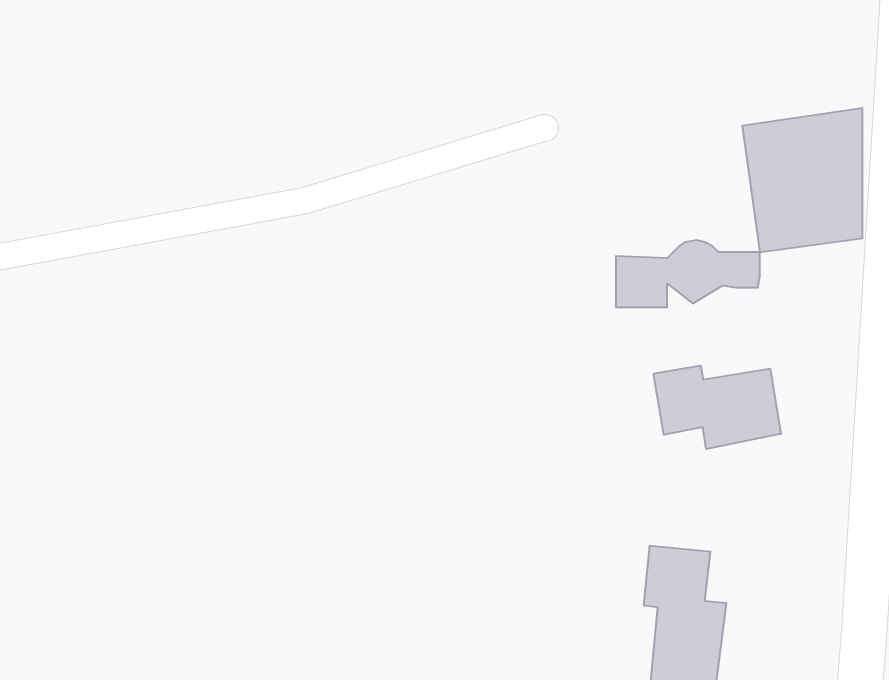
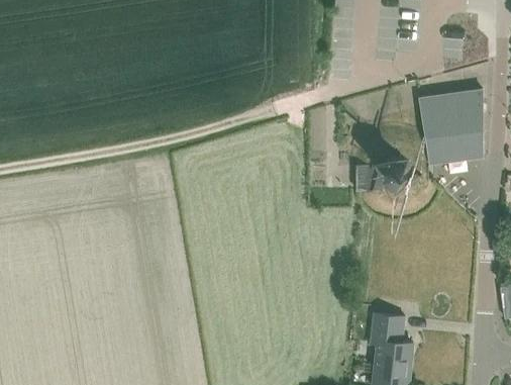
building: [654,366,781,449] -> none

